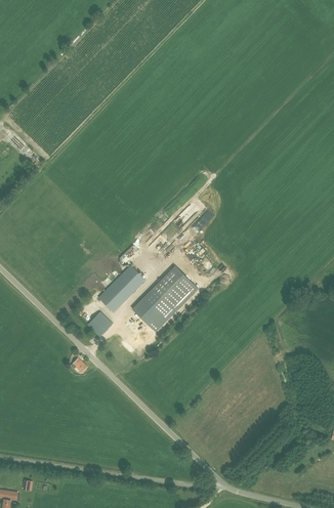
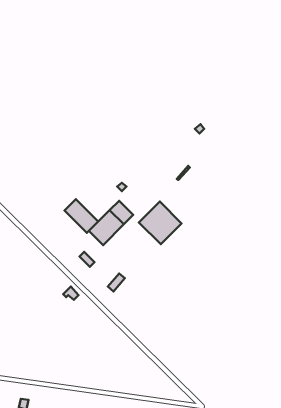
building: none -> [64,199,98,233]
building: [132,287,176,331] -> none

